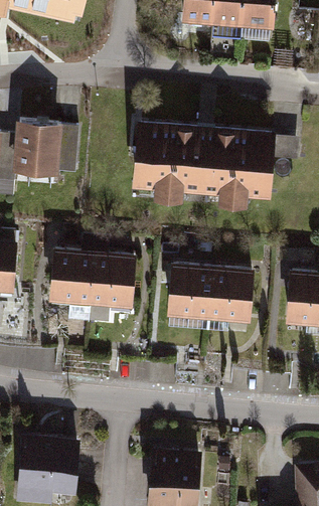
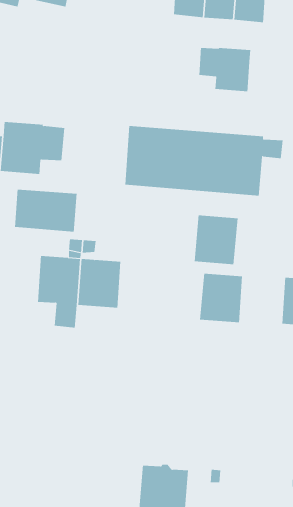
building: none -> [199,47,251,92]
building: none -> [14,189,77,233]
building: [169,269,212,317] -> [194,215,238,265]
building: [20,444,75,494] -> none

